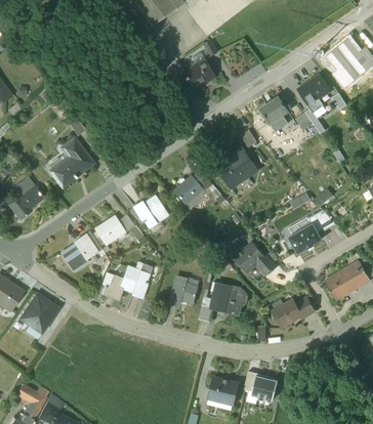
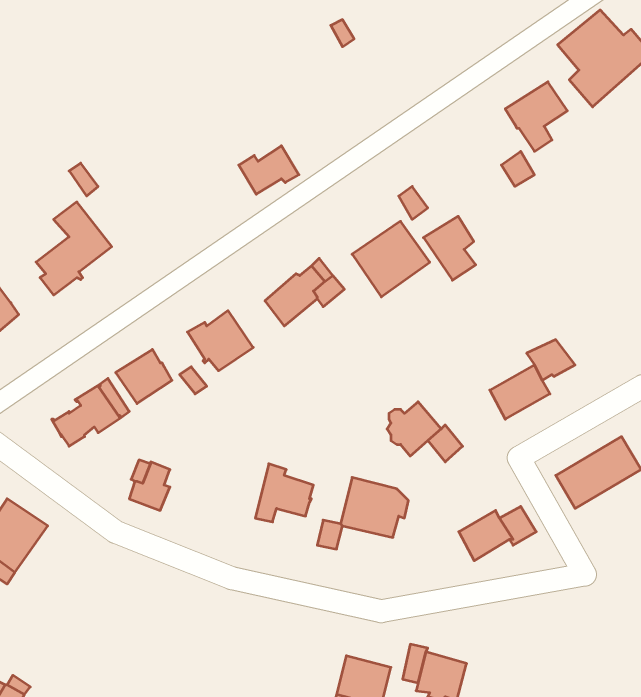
building: [186,60,218,86] -> [239,146,299,194]
building: [262,96,290,130] -> [423,216,476,280]
building: [119,266,147,297] -> none

